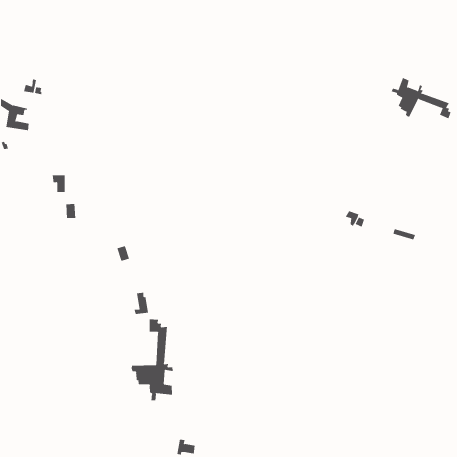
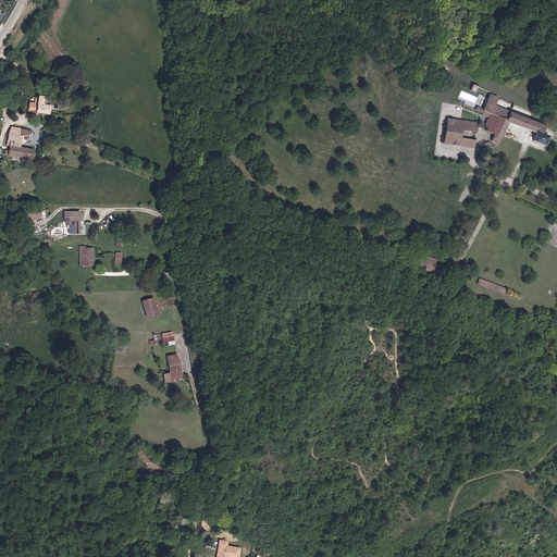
building: none -> [444,119,479,147]
building: [131,318,173,401] -> none

